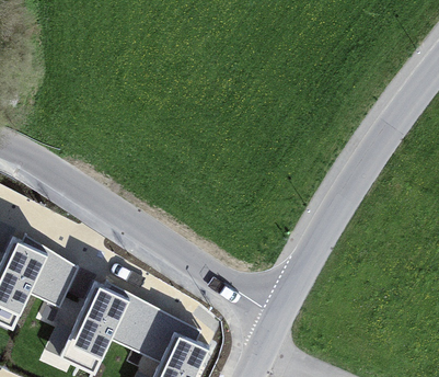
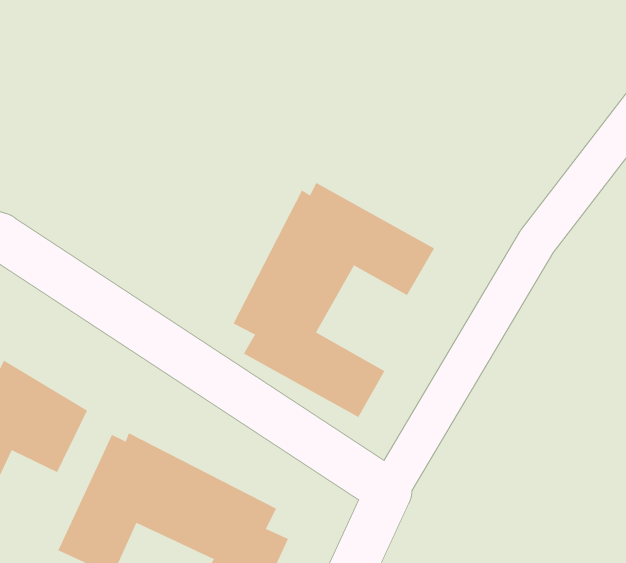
building: none -> [233,182,435,418]

